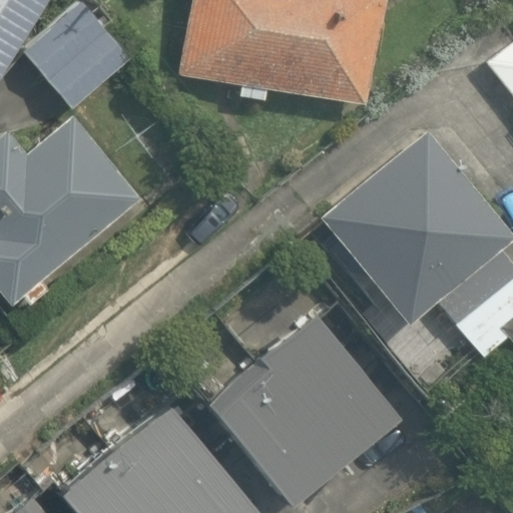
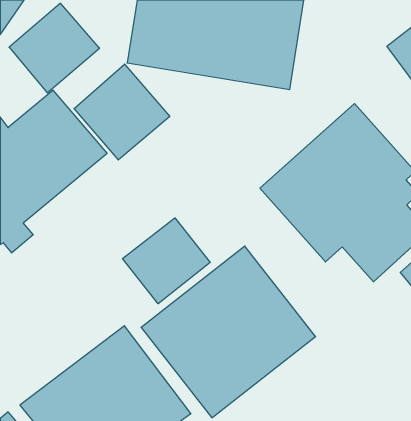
building: none -> [74,64,170,160]
building: none -> [123,218,210,304]

